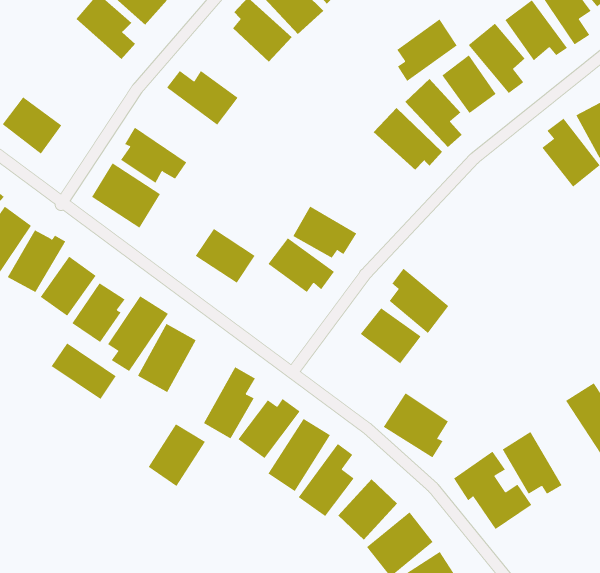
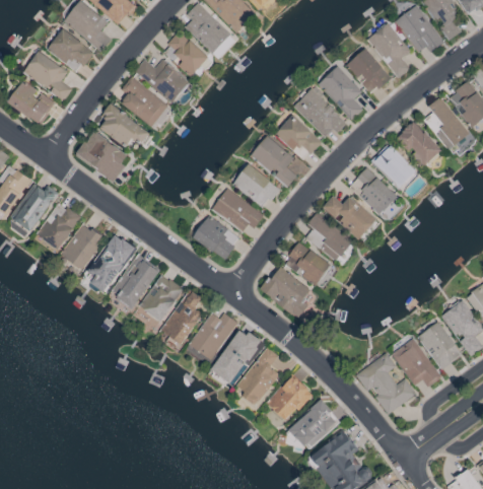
building: [397,19,457,82] -> none
building: none -> [47,28,93,73]
building: none -> [162,31,208,77]
building: none -> [23,51,72,100]
building: none -> [120,76,167,127]
building: none -> [275,115,322,160]
building: none -> [397,121,440,167]
building: none -> [250,136,296,188]
building: none -> [370,143,417,191]
building: none -> [349,168,398,216]
building: [195,228,256,283] -> [193,216,239,259]
building: none -> [323,196,376,239]
building: [51,342,117,400] -> none
building: [383,392,449,458] -> [261,267,312,318]
building: none -> [417,322,462,370]
building: [148,423,206,487] -> [139,274,184,323]

